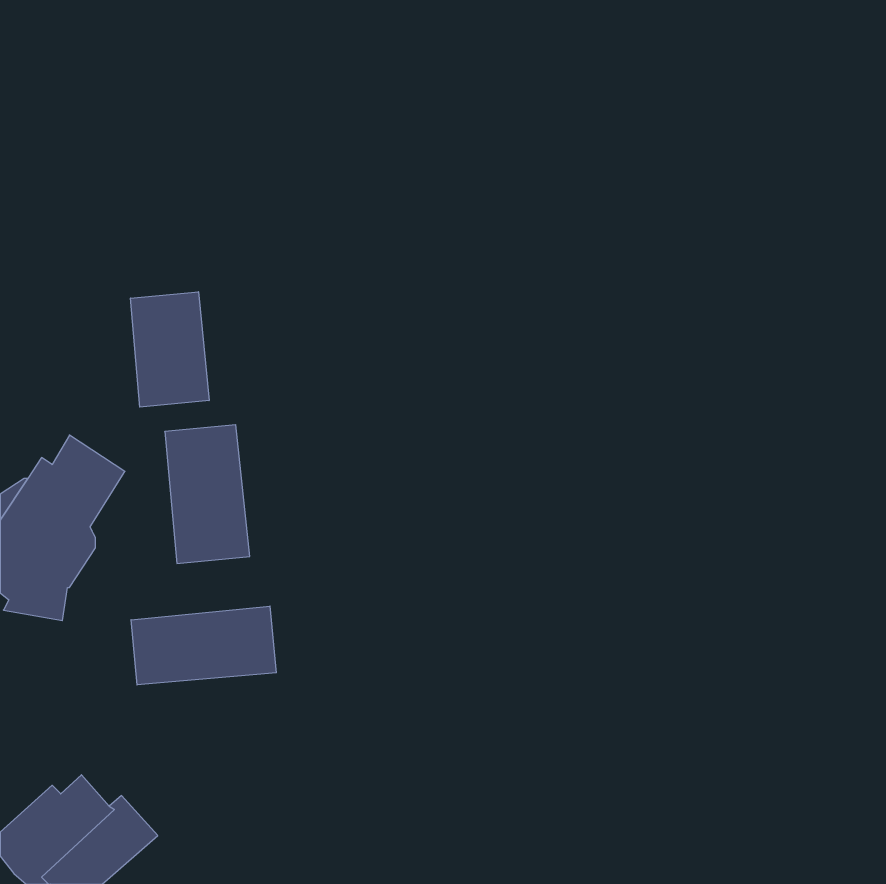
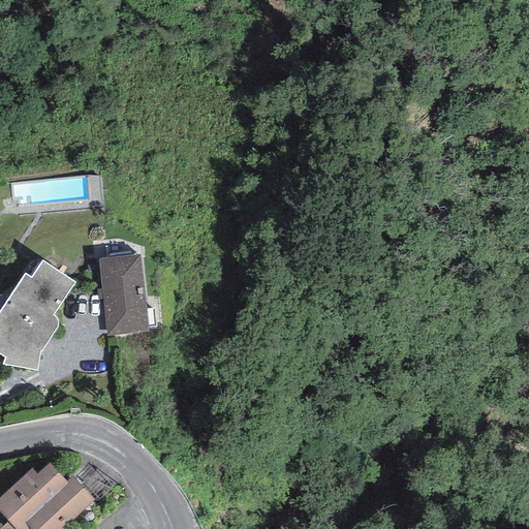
building: [131,292,209,407] -> none
building: [131,606,276,685] -> none

